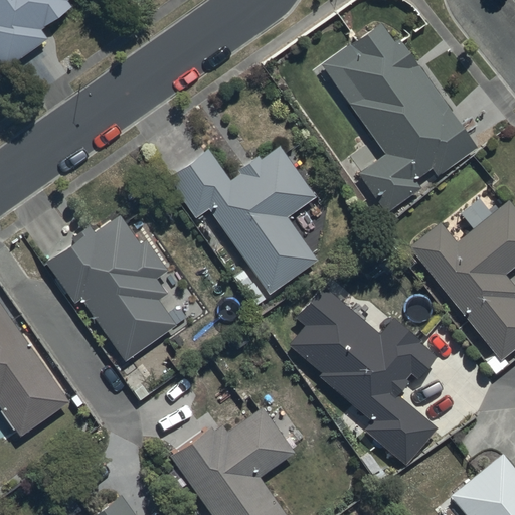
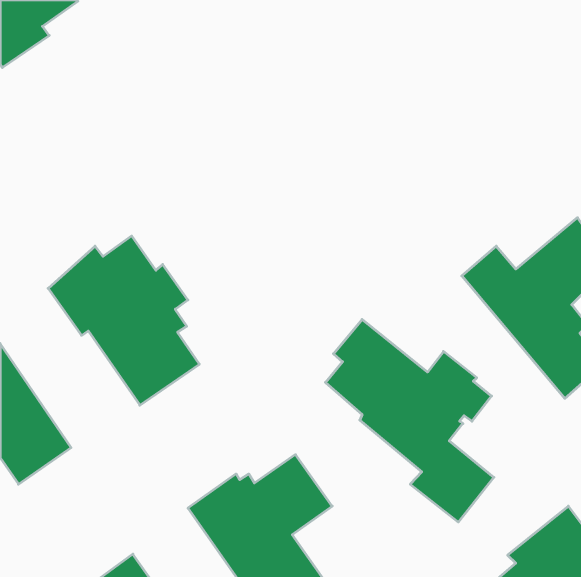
building: [320,20,480,213] -> none
building: [169,145,319,296] -> none

